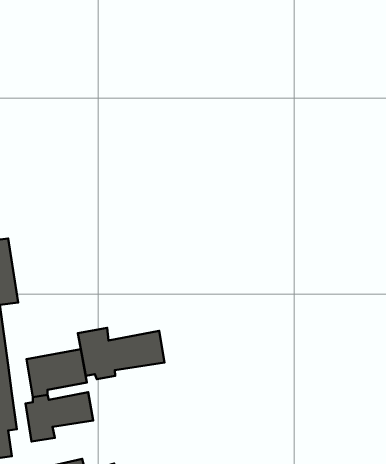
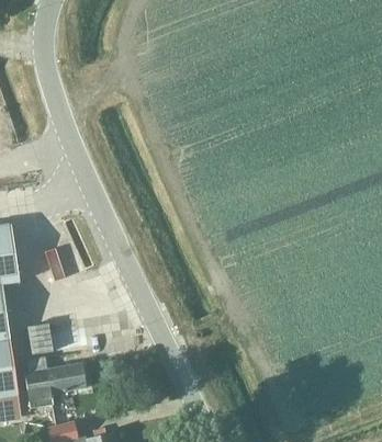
building: [78,328,164,379] -> none

